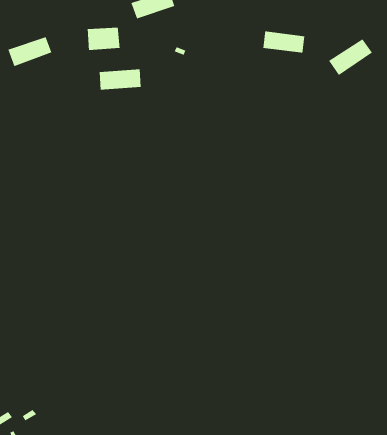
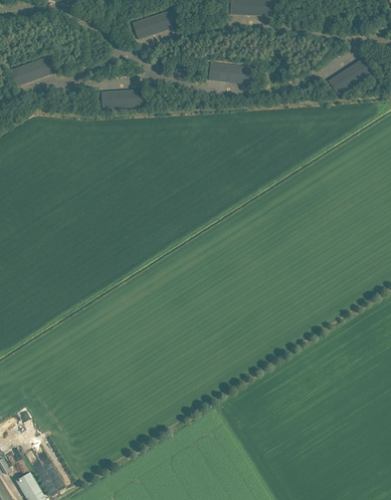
building: [87,27,120,51] -> none
building: [263,31,305,53] -> [208,62,250,84]

